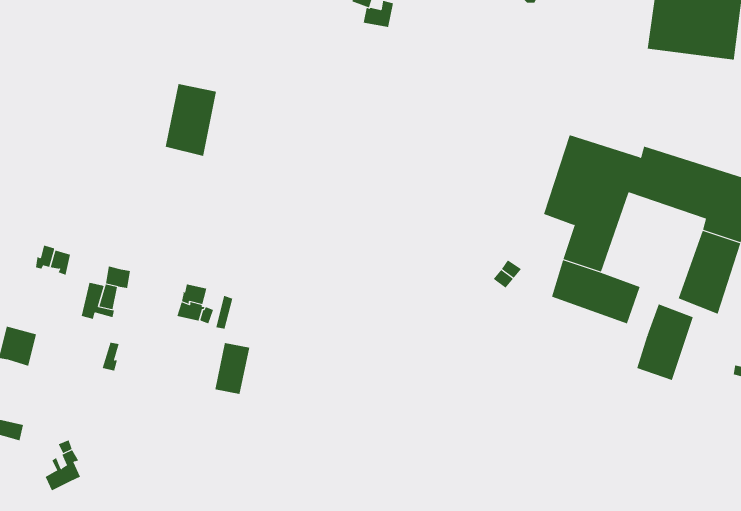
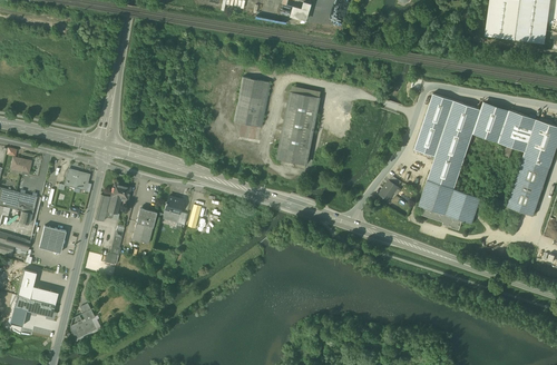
building: [165,84,217,157] -> [235,77,271,127]
building: none -> [277,91,322,166]
building: [636,303,694,381] -> none
building: [214,343,250,394] -> [131,207,156,243]

